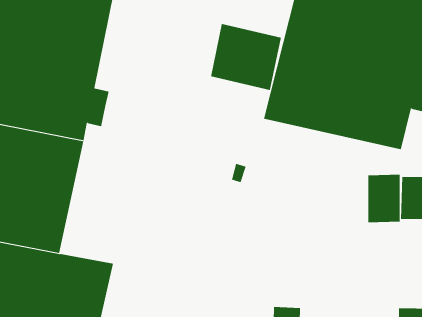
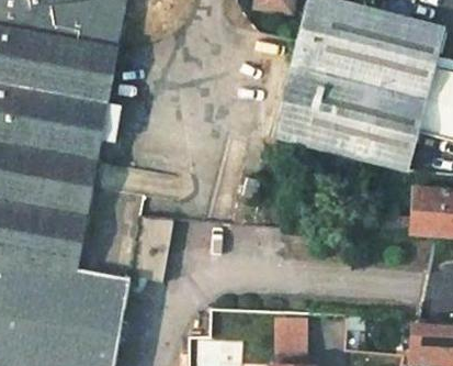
building: [210,23,281,91] -> none
building: [368,174,400,223] -> none

